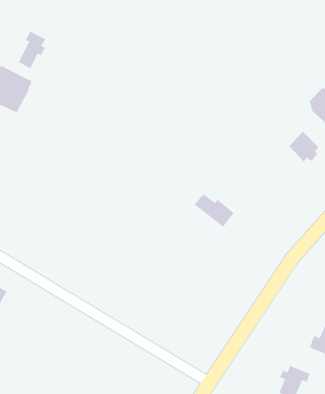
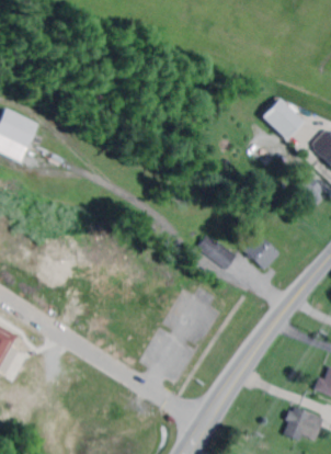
building: [18,31,46,69] -> none
building: none -> [262,99,304,139]
building: none -> [242,231,281,270]

